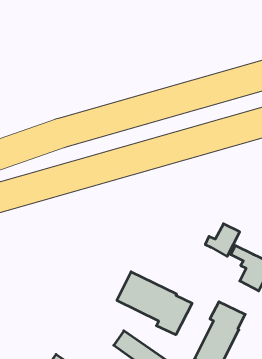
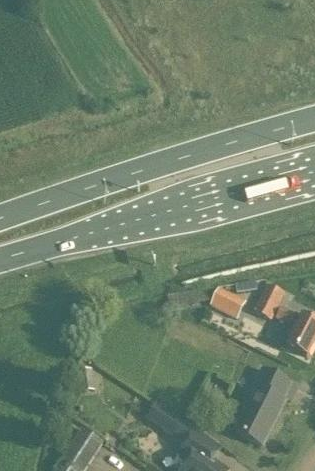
building: none -> [210,287,247,317]
building: [117,272,192,335] -> none

